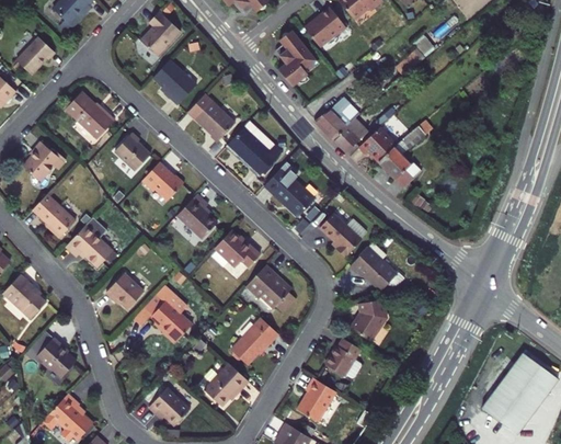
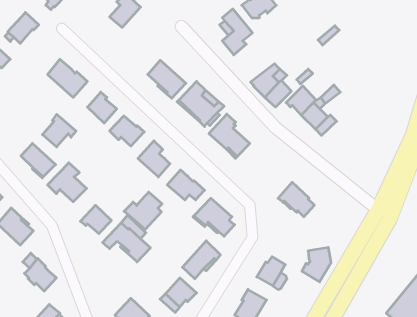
building: [153,58,196,103] -> none
building: [21,143,62,183] -> [42,114,76,147]
building: [318,212,365,255] -> none
building: none -> [124,192,162,229]
building: [347,298,383,341] -> [302,247,331,282]

